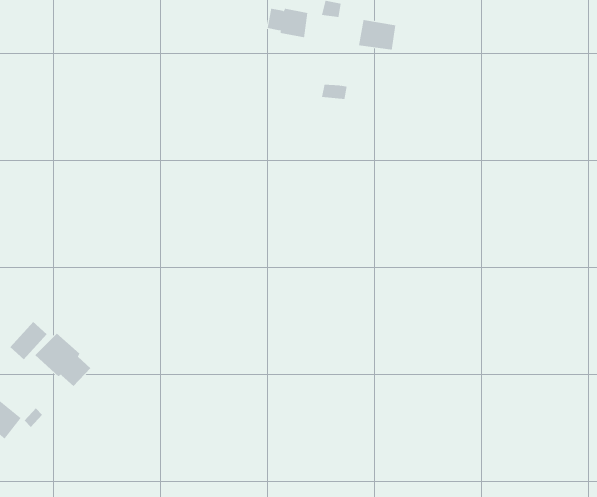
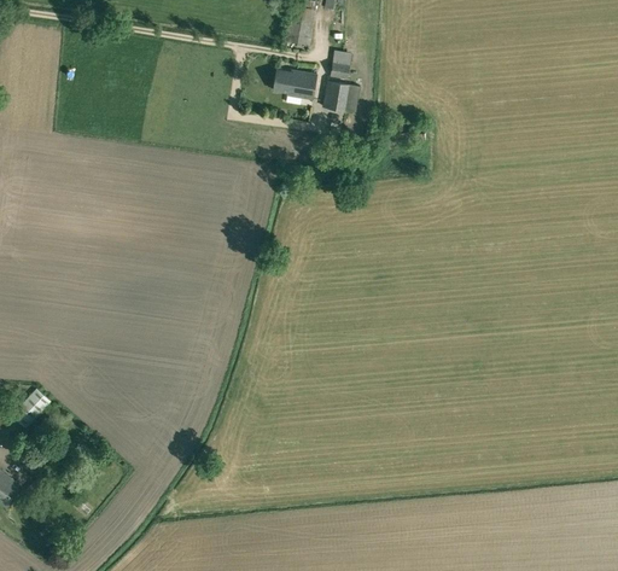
building: [358,19,396,50] -> [321,80,360,111]
building: [34,333,91,387] -> none

